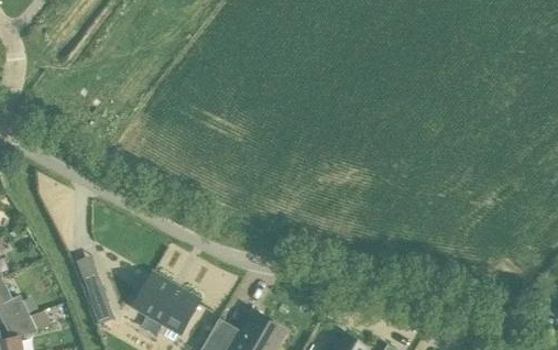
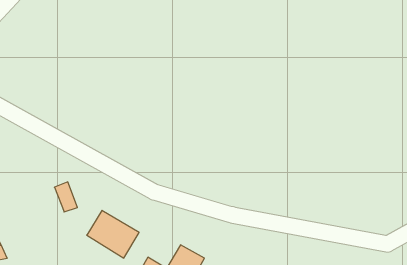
building: [80,271,109,308] -> [54,182,77,212]

